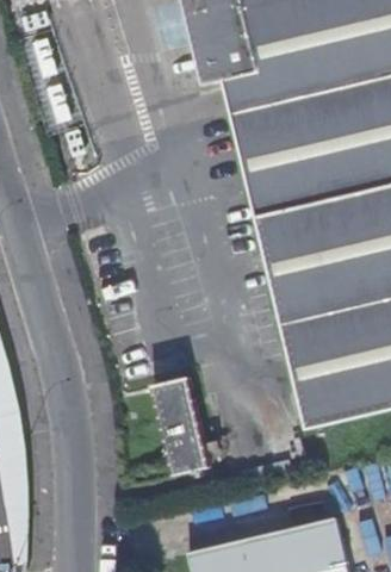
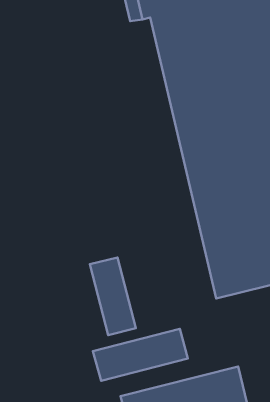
building: none -> [93,329,188,381]

